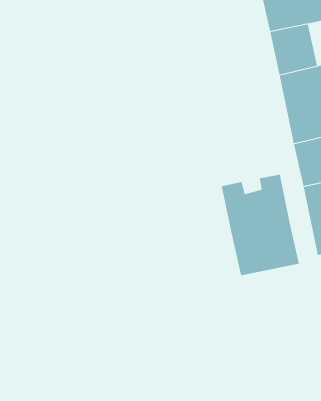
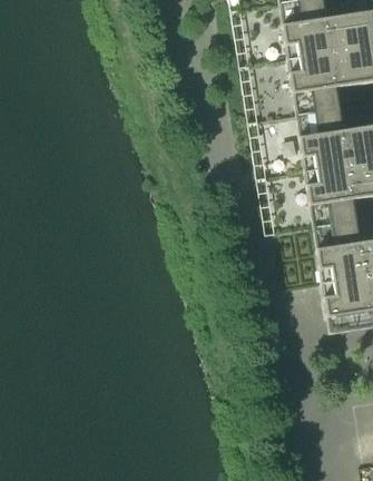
building: [221,174,300,276] -> none

